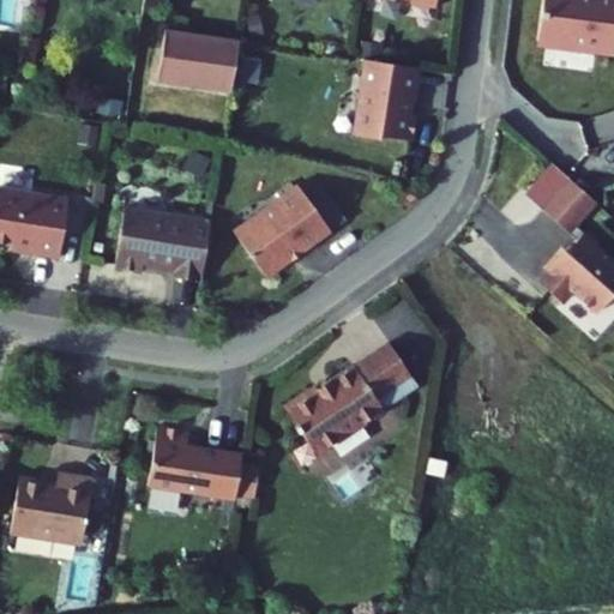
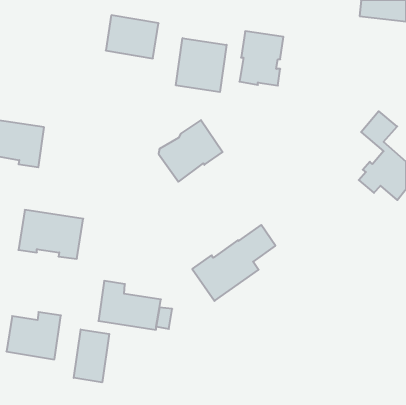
building: none -> [176,38,227,92]
building: [113,206,210,279] -> [18,210,83,259]
building: none -> [74,329,109,382]

